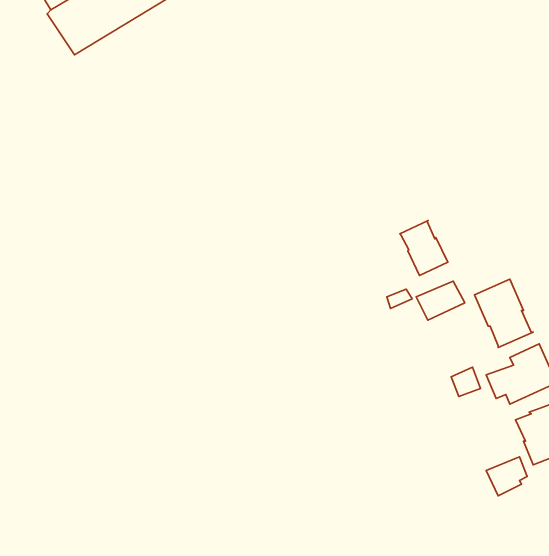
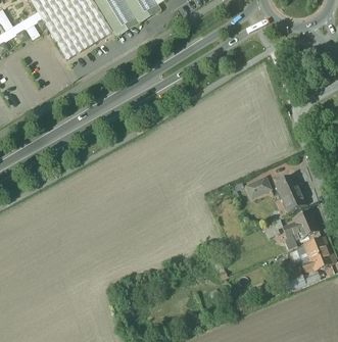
building: [400,220,448,275] -> none

